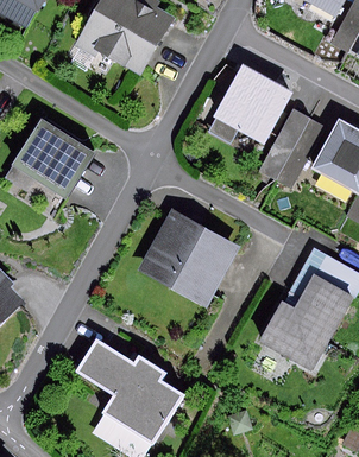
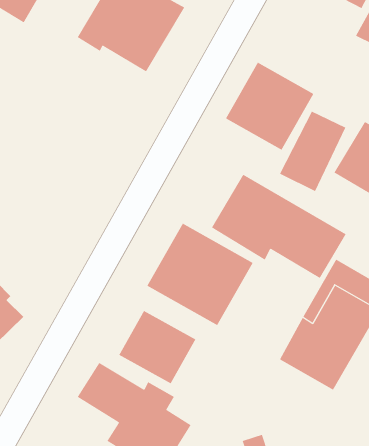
building: [10,118,94,201] -> none
building: none -> [211,174,347,279]
building: none -> [119,310,196,384]

